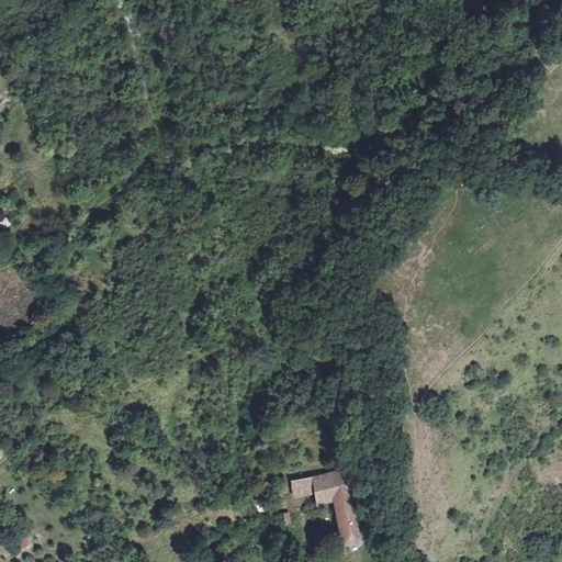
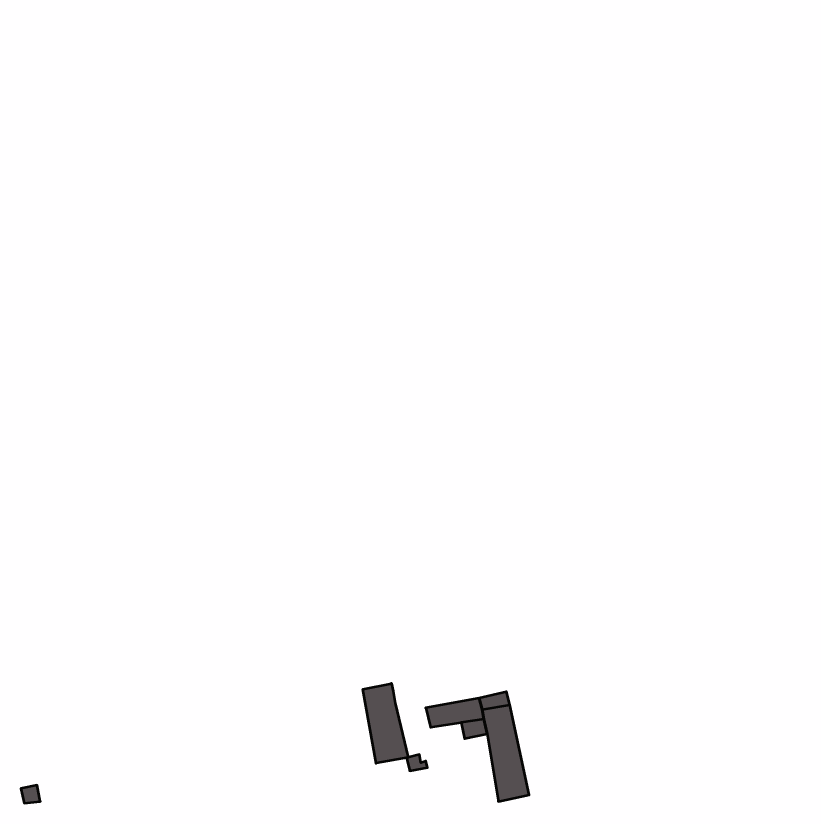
building: none -> [363,683,408,763]

